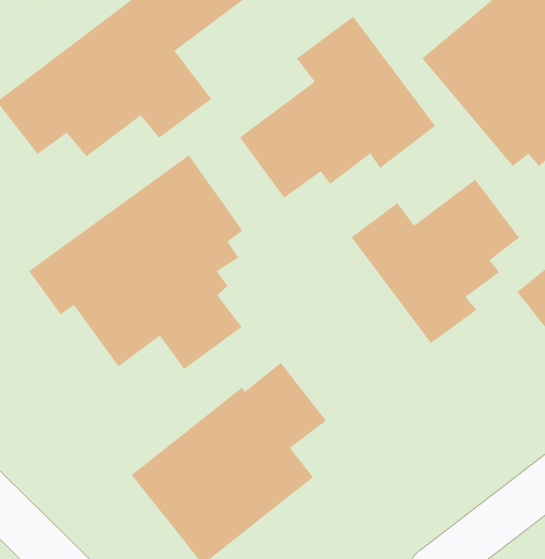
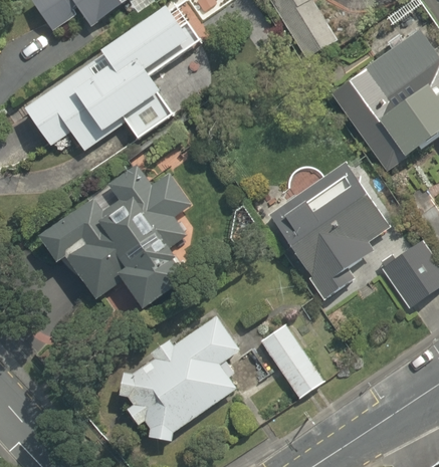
building: [239,16,436,199] -> none
building: none -> [255,318,331,405]

